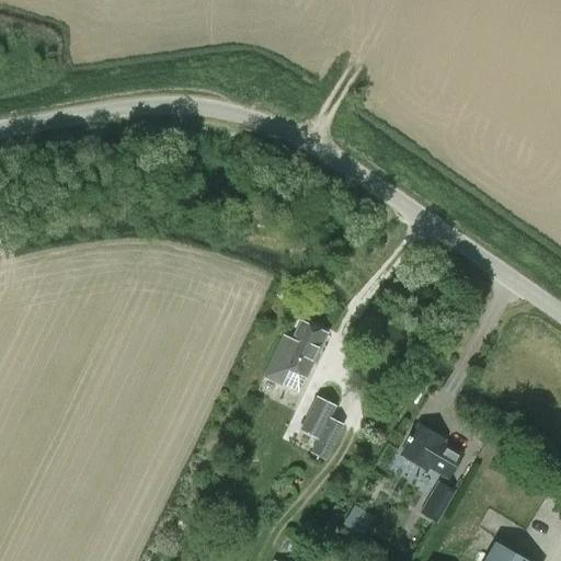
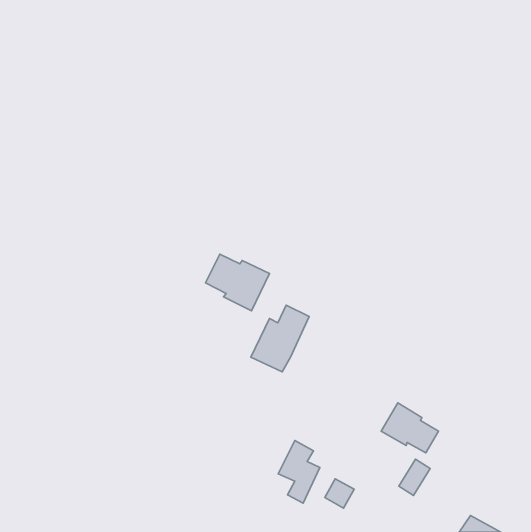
building: none -> [206,254,270,311]
building: [299,396,343,461] -> [278,441,320,503]

